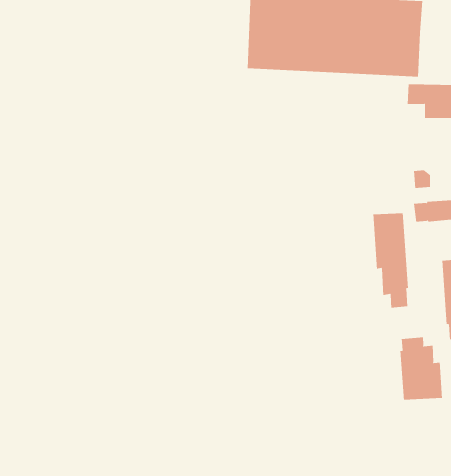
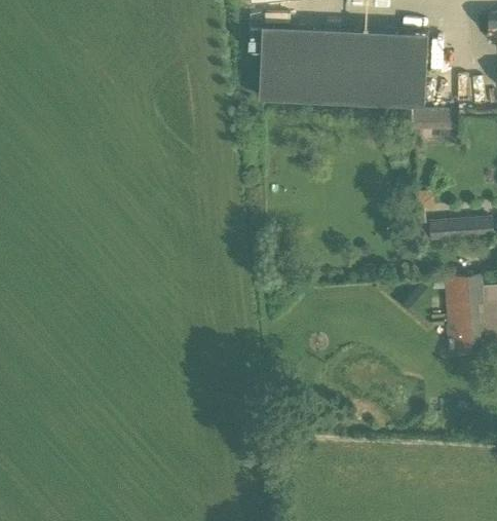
building: [373,213,408,309] -> none
building: [400,337,442,401] -> none

